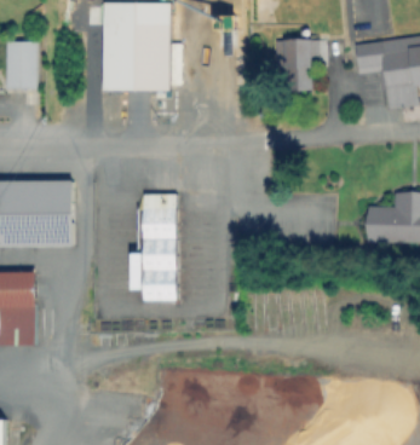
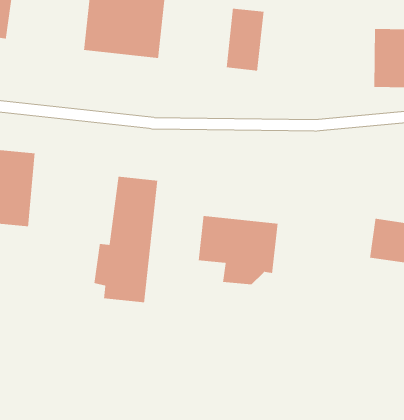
building: [278,39,306,91] -> [226,8,264,71]
building: none -> [198,215,278,285]

